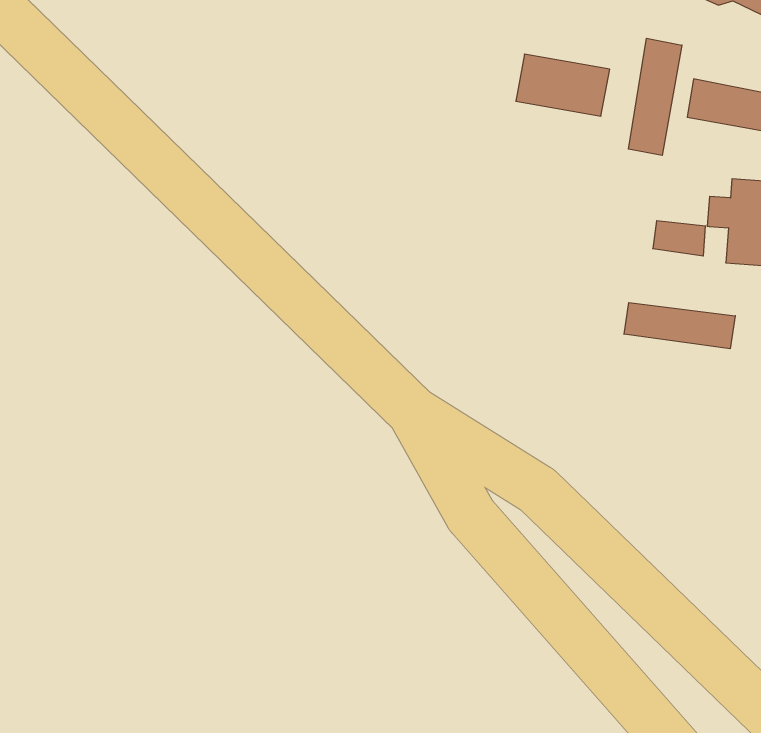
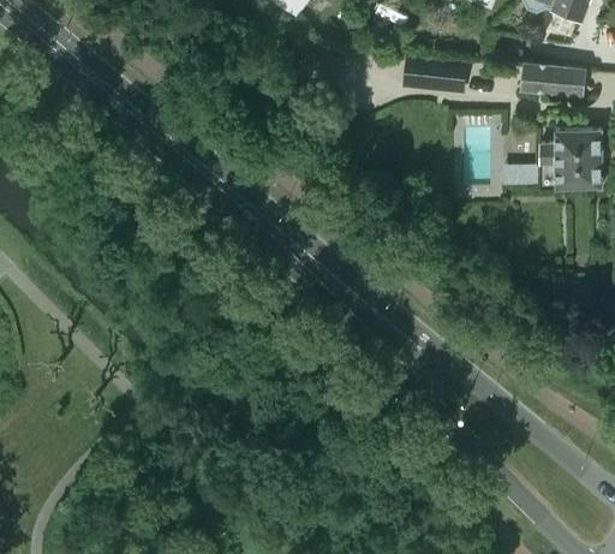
building: [628,38,682,155] -> none
building: [624,303,735,349] -> none

